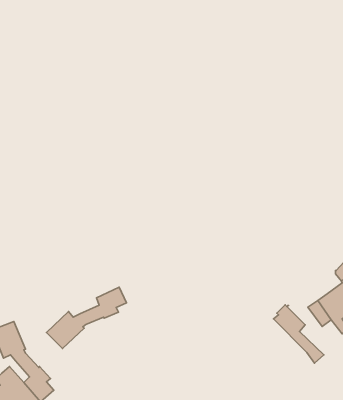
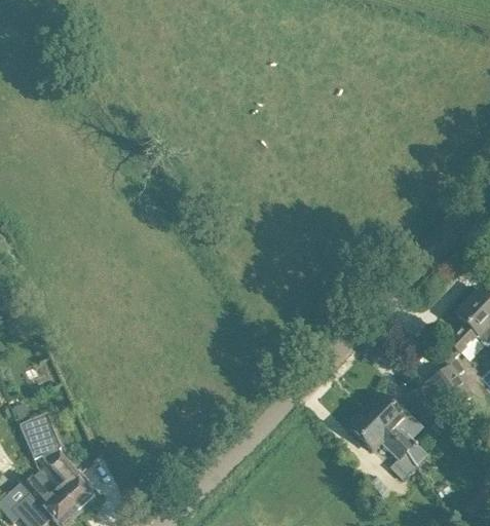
building: [46,287,126,348] -> none
building: none -> [346,409,414,477]

